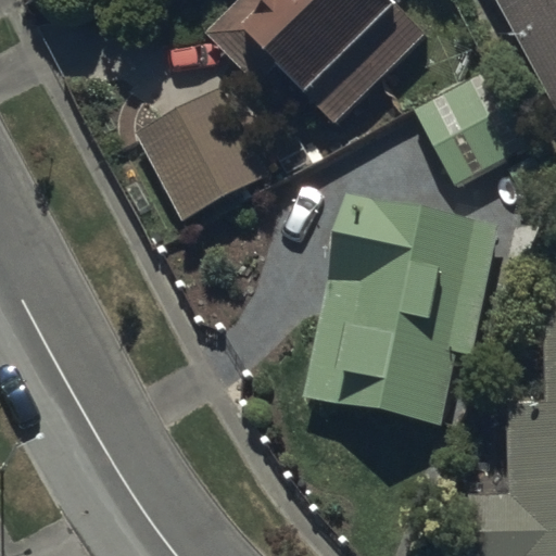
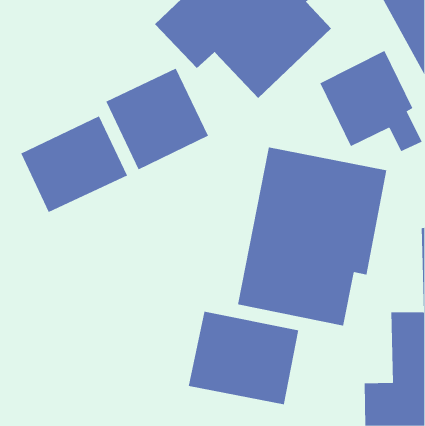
building: none -> [20,116,128,213]
building: none -> [188,311,299,405]

